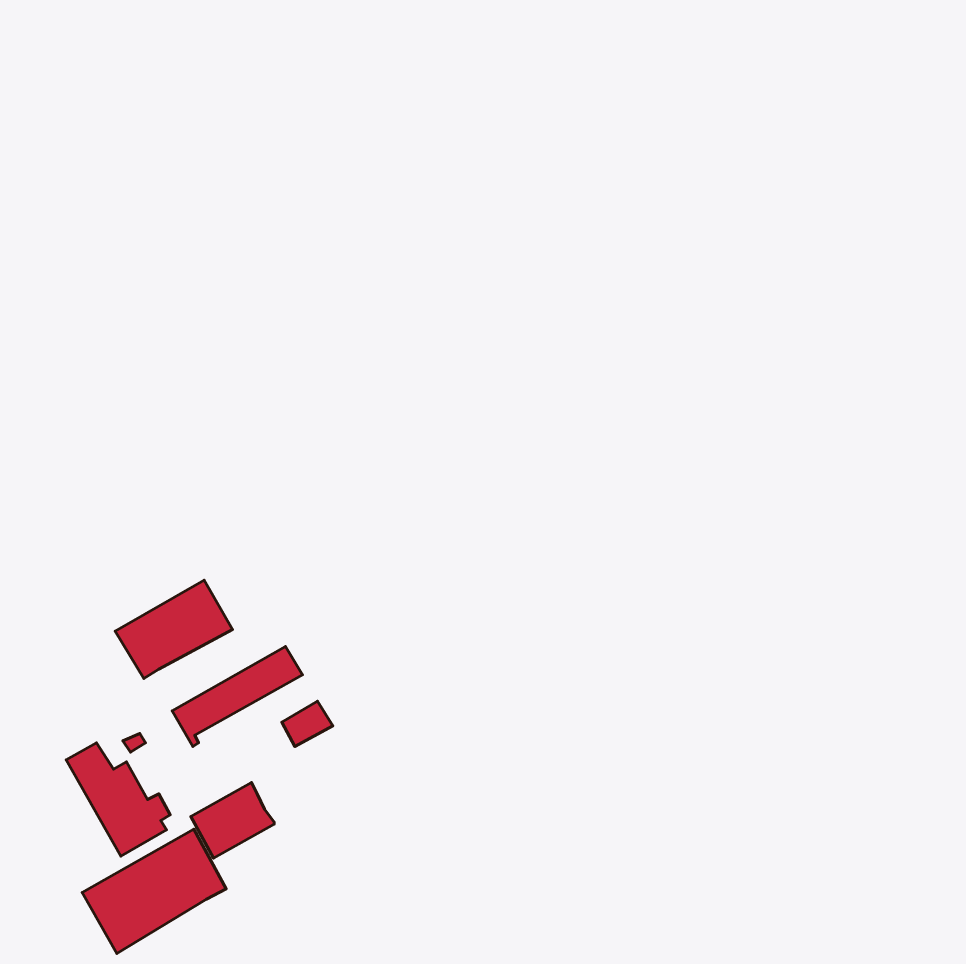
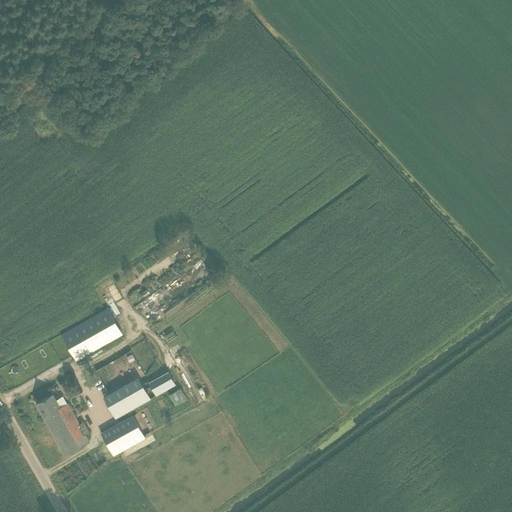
building: none -> [101,379,148,420]
building: [82,829,226,953] -> none

